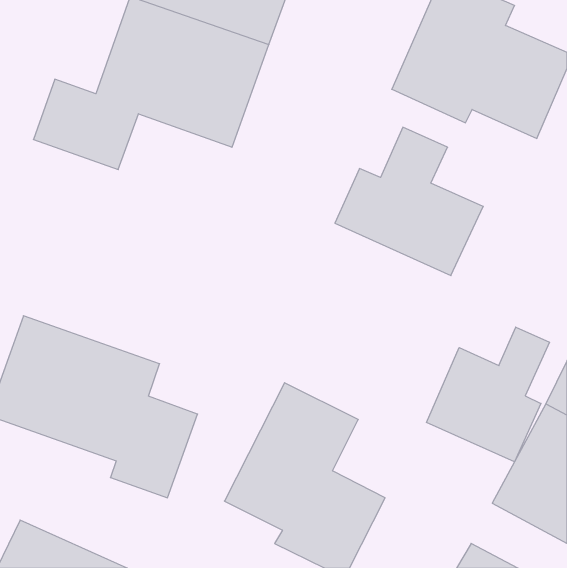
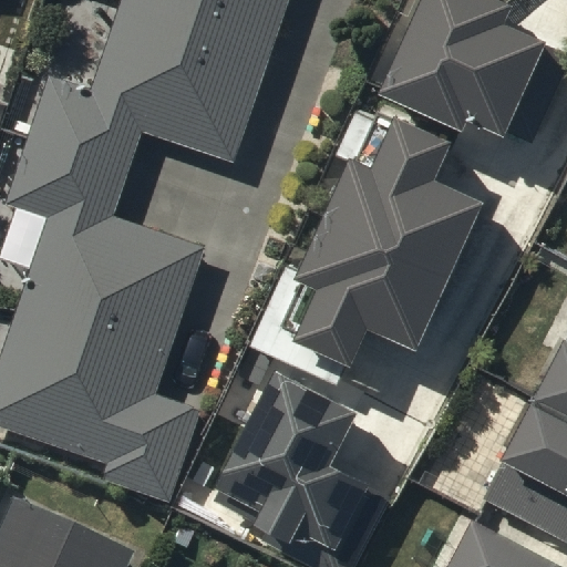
building: none -> [12,138,197,361]
building: none -> [258,221,447,378]
building: [427,327,550,462] -> none

